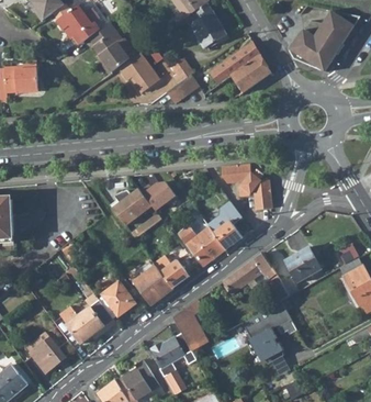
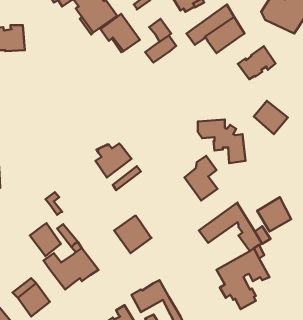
building: none -> [238,46,276,79]
building: none -> [254,101,288,134]
building: [140,181,177,211] -> none
building: [179,209,225,266] -> none
building: [154,255,187,288] -> none
building: [102,281,135,316] -> [30,223,61,256]
building: [172,299,209,351] -> none

